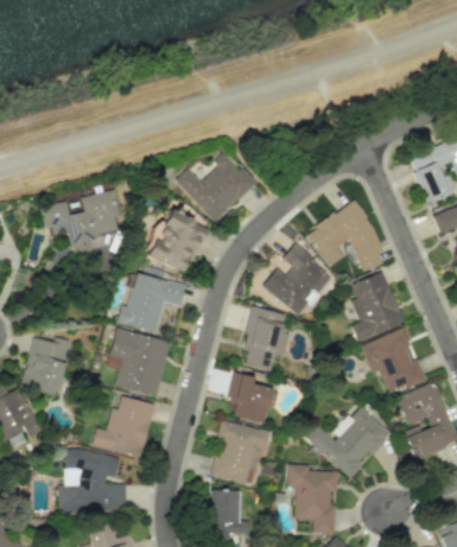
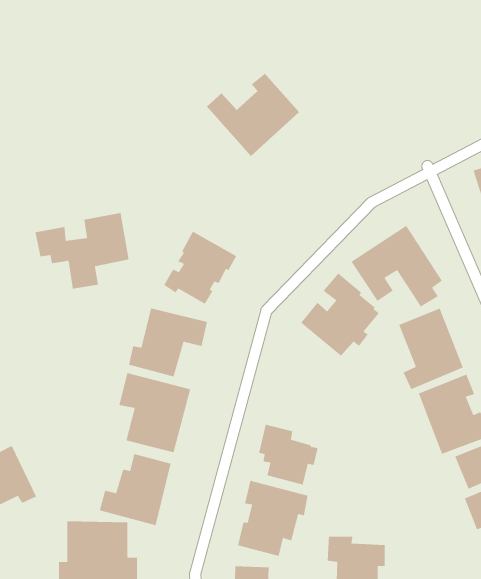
building: [176,152,255,223] -> [206,73,300,157]
building: [245,305,291,370] -> none
building: [23,335,71,393] -> none
building: [306,408,391,479] -> none

